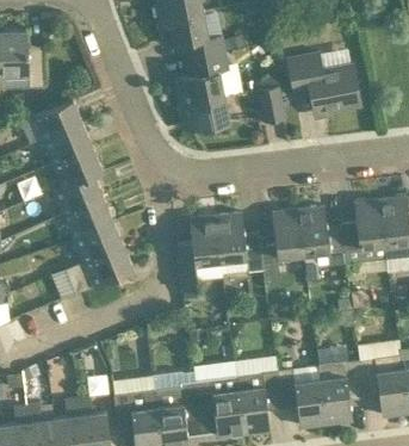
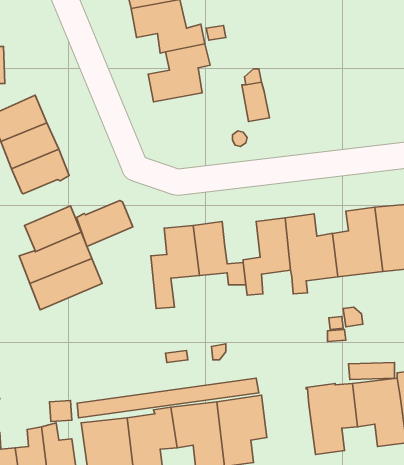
building: [286,51,361,111] -> none
building: [180,97,230,131] -> none
building: [54,175,105,217] -> [76,200,133,246]
building: [278,365,327,428] -> none

